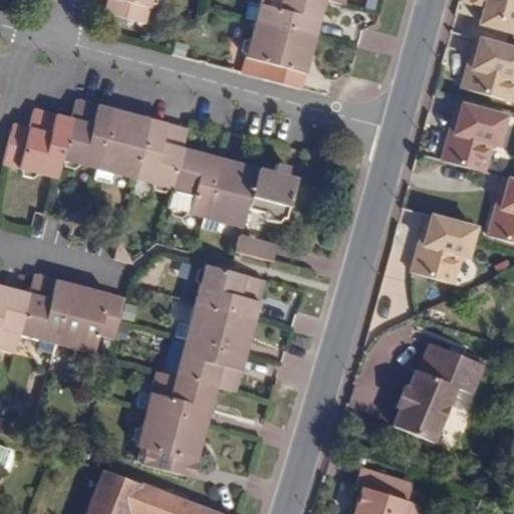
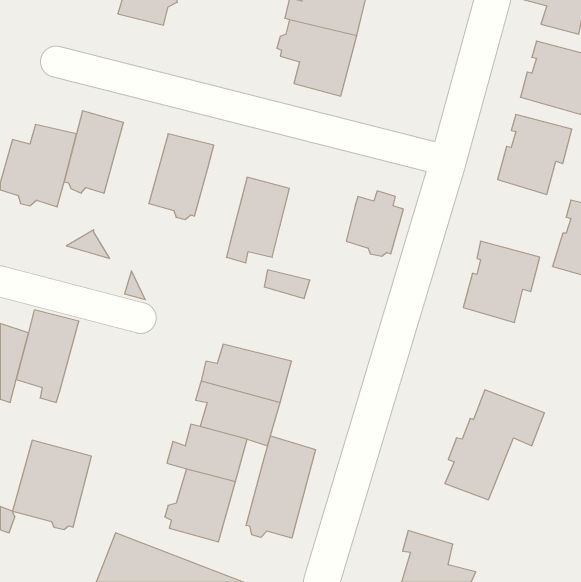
building: [92,107,151,184] -> none
building: [170,147,220,214] -> none
building: [249,154,299,211] -> [346,191,403,256]
building: [199,266,269,317] -> none
building: [55,282,124,360] -> [13,440,91,529]
building: none -> [246,436,316,538]

